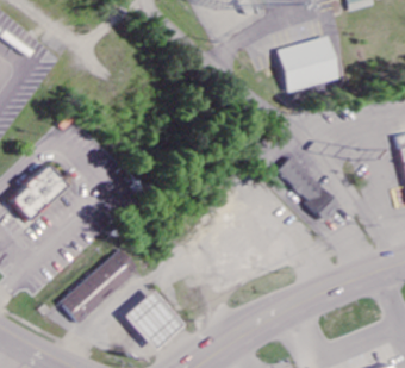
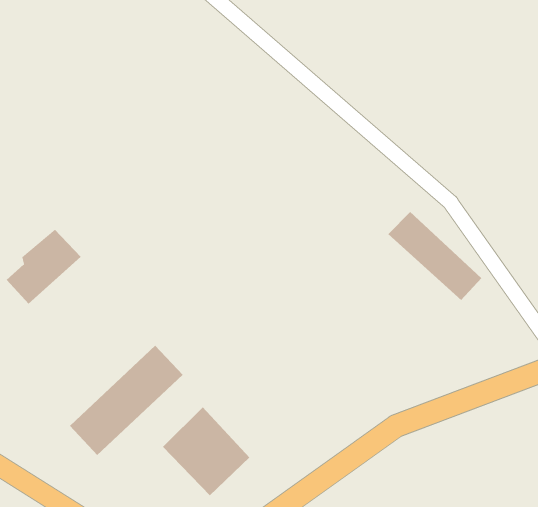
building: [280,35,342,91] -> none

